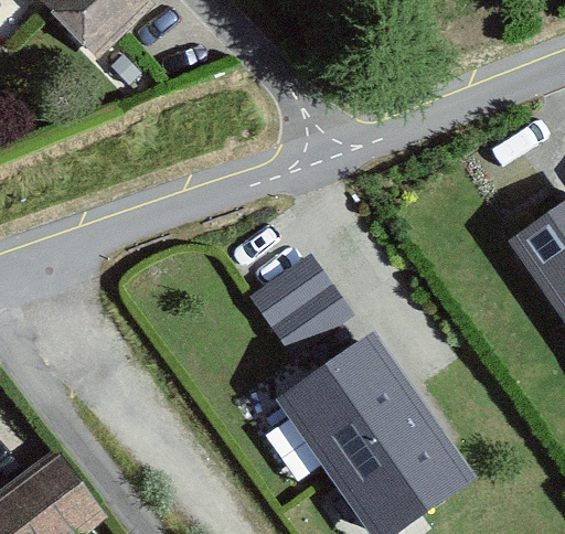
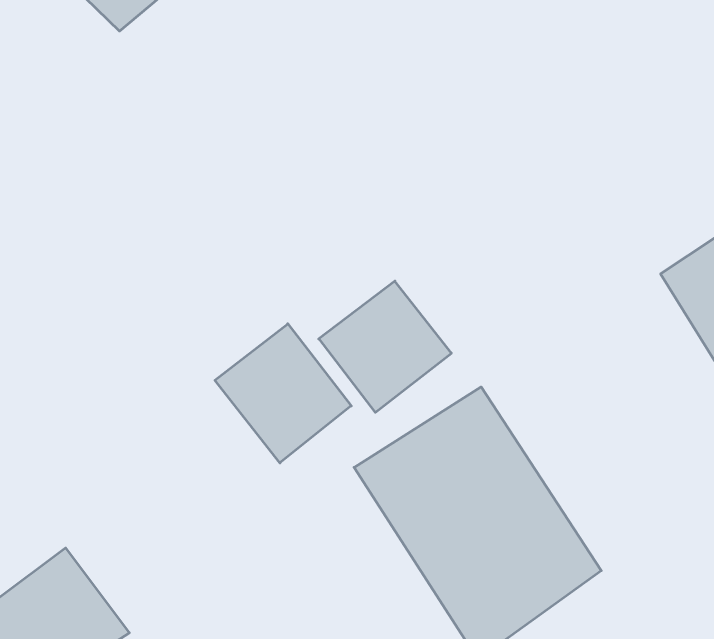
building: none -> [215,324,351,463]

